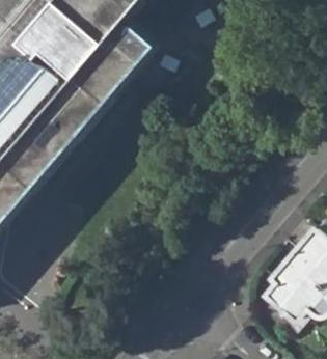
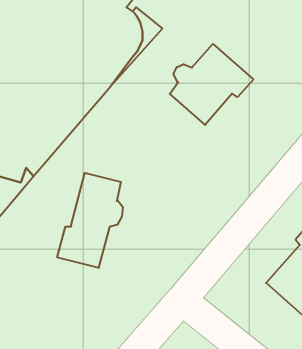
building: none -> [170,44,253,125]
building: none -> [57,173,123,268]

